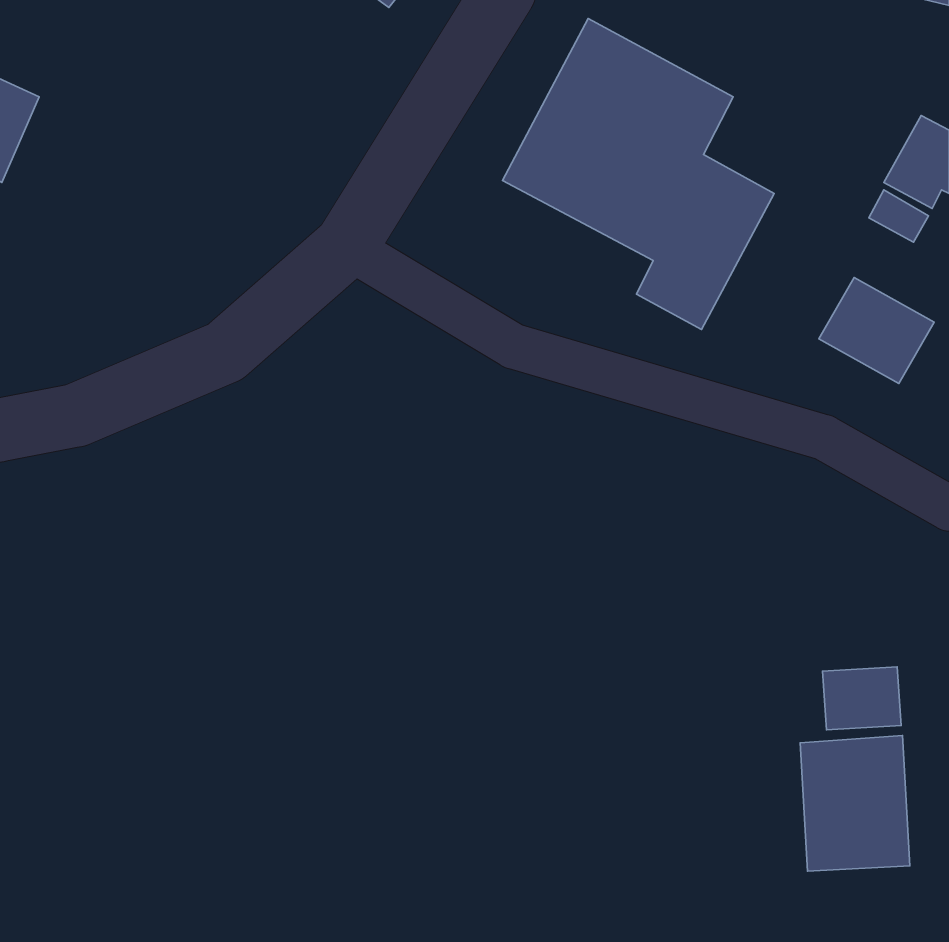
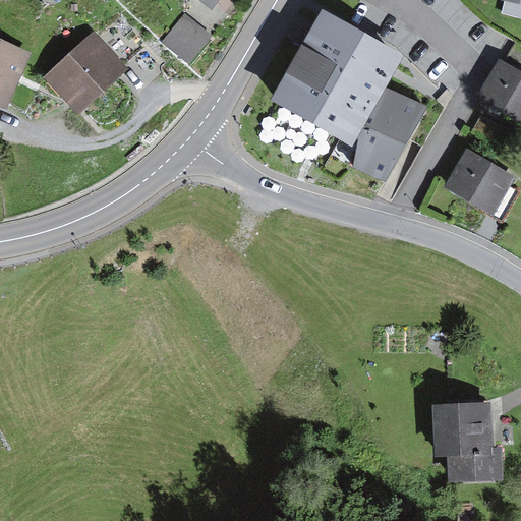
building: none -> [157,15,199,59]
building: none -> [50,37,120,106]
building: [822,667,901,730] -> none

